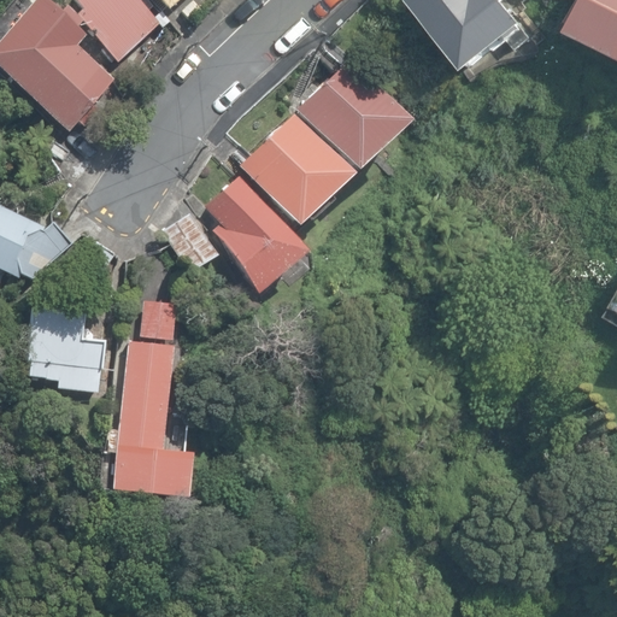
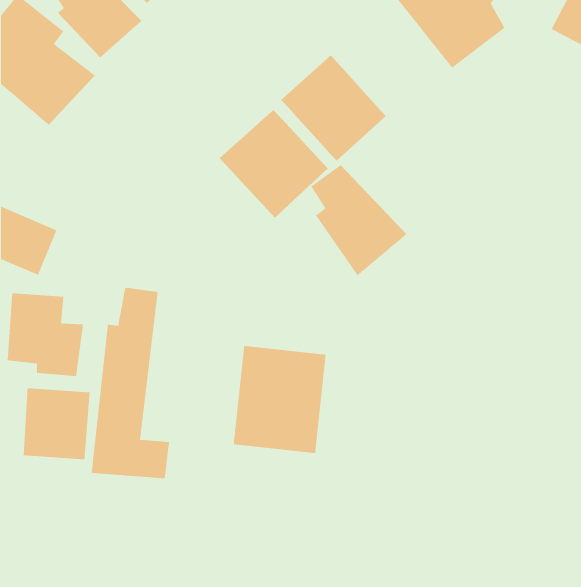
building: [208,176,308,292] -> [310,164,407,276]
building: none -> [233,345,326,454]
building: none -> [23,387,90,460]

